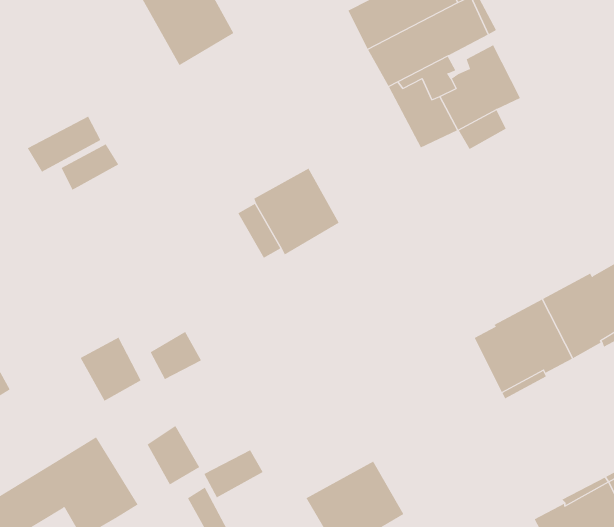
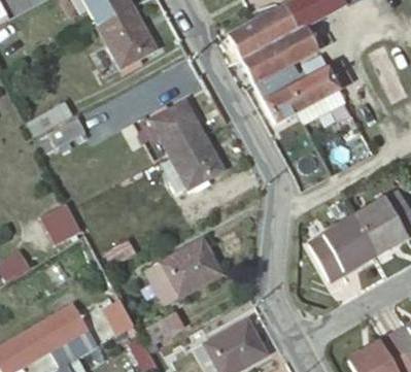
building: none -> [150,99,205,153]
building: none -> [158,238,220,298]
building: [80,337,141,401] -> [40,203,79,244]

